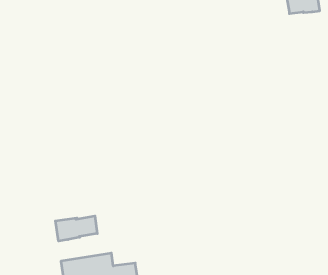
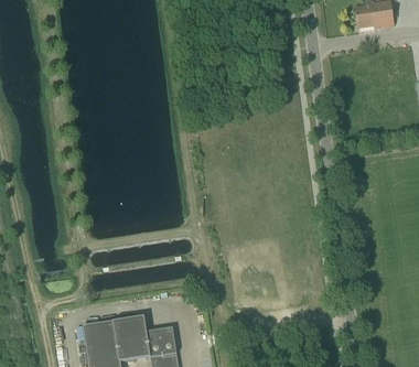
building: [55,216,97,241] -> none

